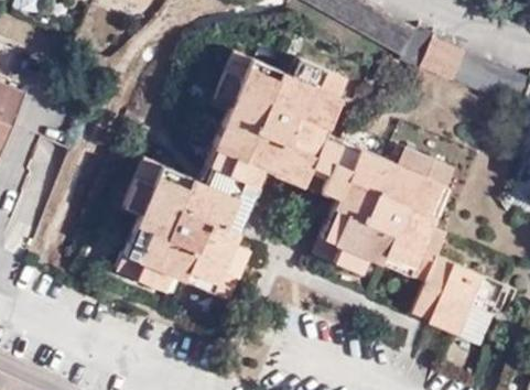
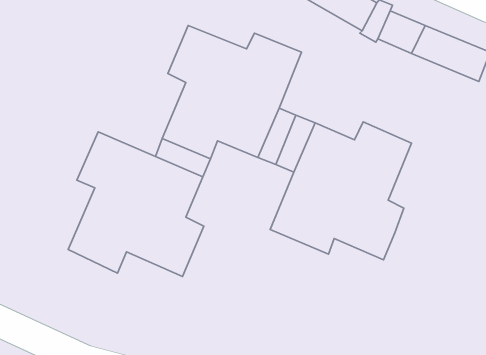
building: [412,257,502,343] -> none

